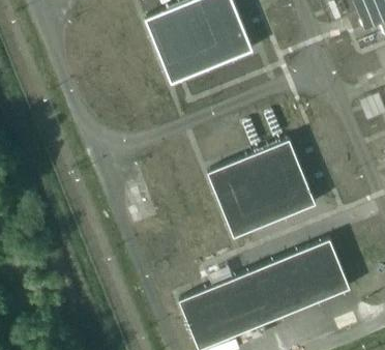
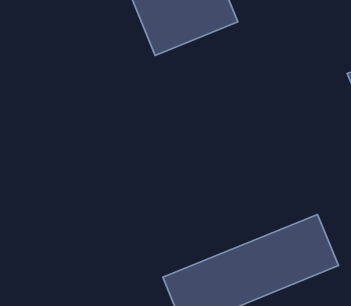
building: [206,141,316,239] -> none

